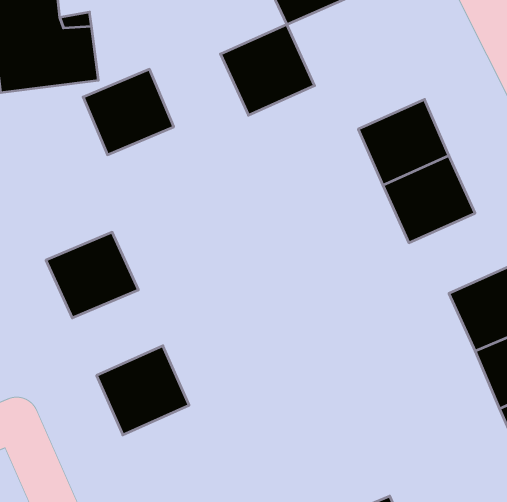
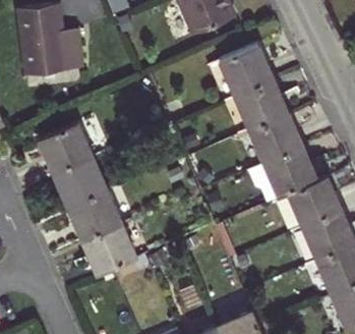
building: [220,24,315,115] -> [218,44,273,97]
building: [83,69,174,155] -> [38,123,91,173]
building: none -> [263,146,316,197]
building: none -> [67,190,120,240]

